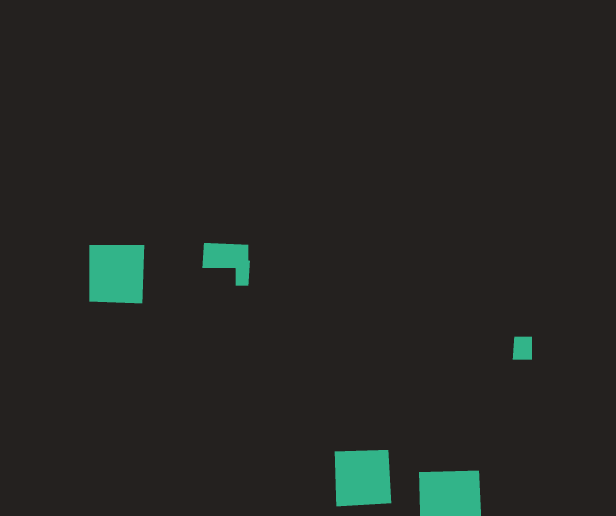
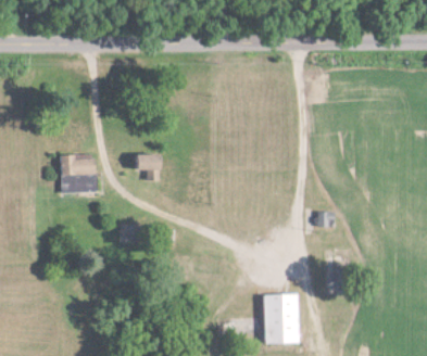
building: [334,449,392,507] -> none

